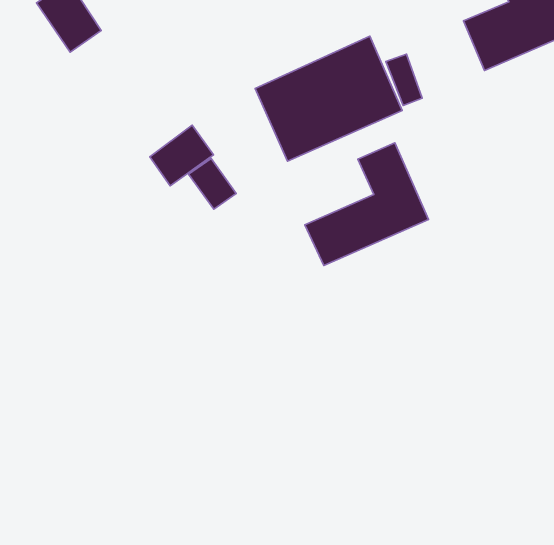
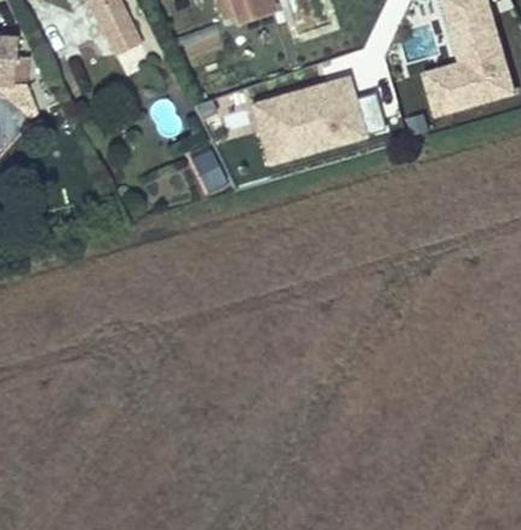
building: [150,125,213,186] -> none
building: [305,143,429,266] -> none

